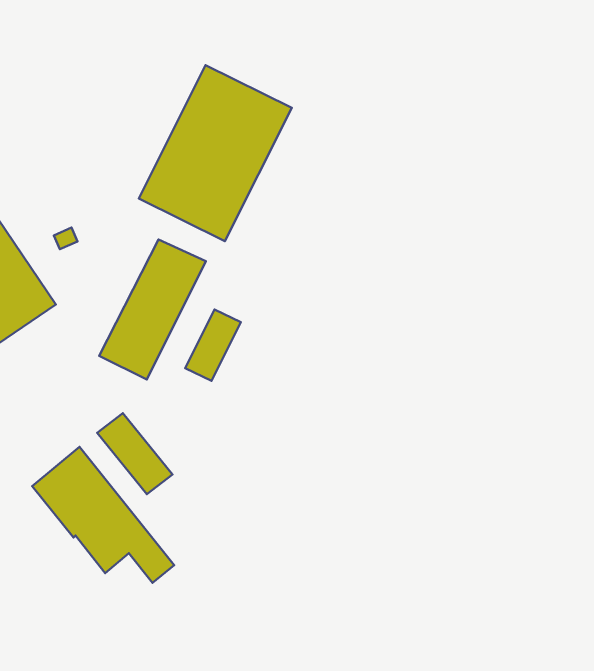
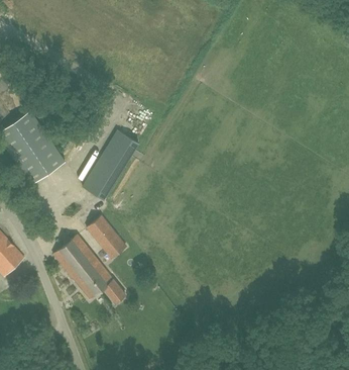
building: [139,65,292,241] -> none
building: [185,310,241,381] -> none

